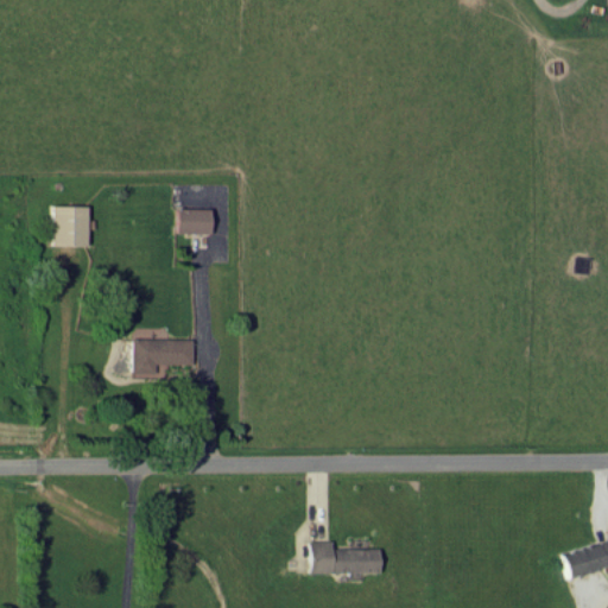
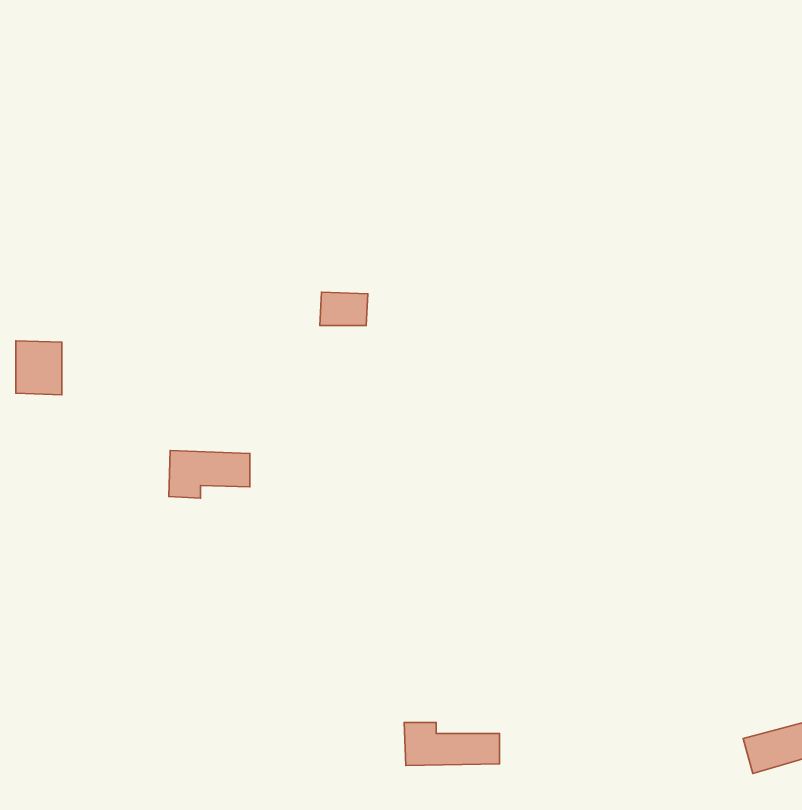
building: [56,207,90,247] -> [16,341,62,395]
building: [178,209,214,234] -> [320,292,368,326]

